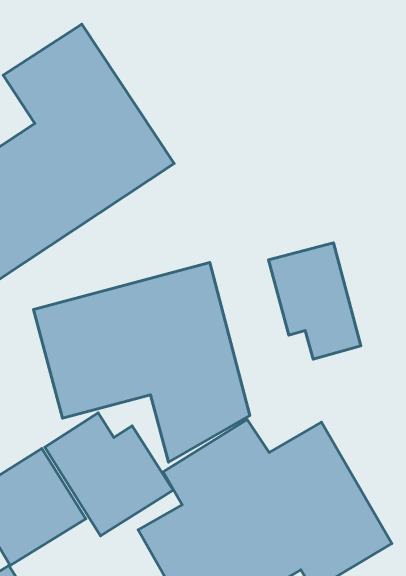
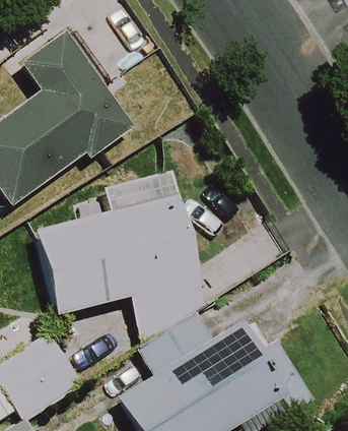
building: [268,243,361,359] -> none
building: [45,413,173,536] -> none

